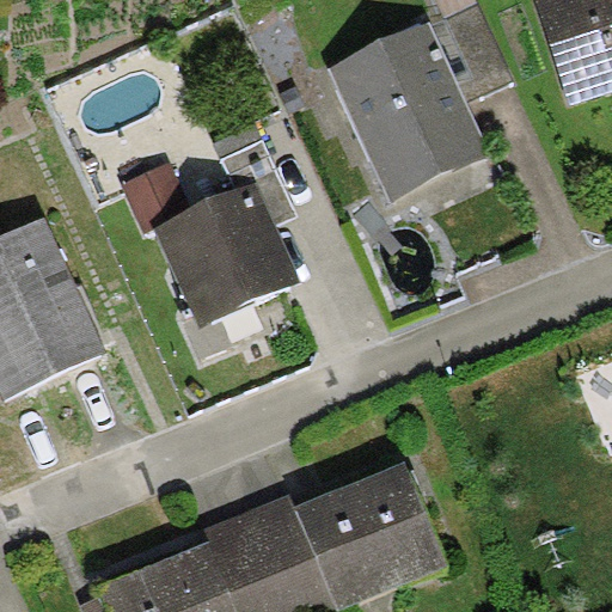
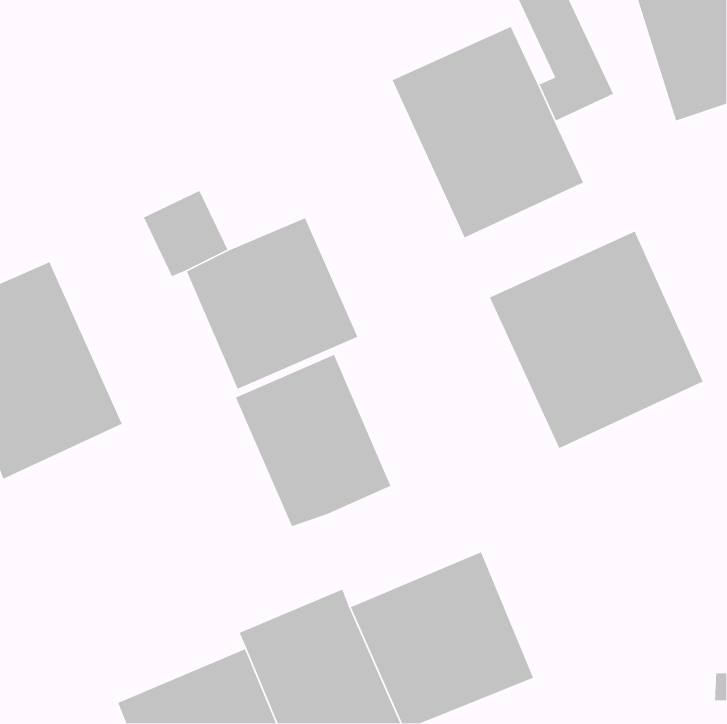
building: none -> [489,231,704,449]
building: none -> [235,354,392,527]

